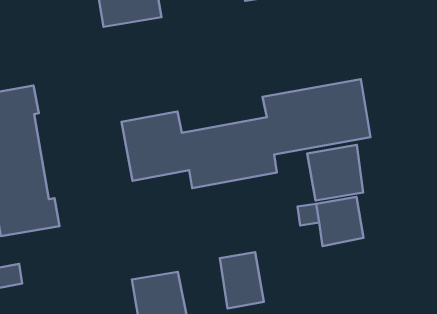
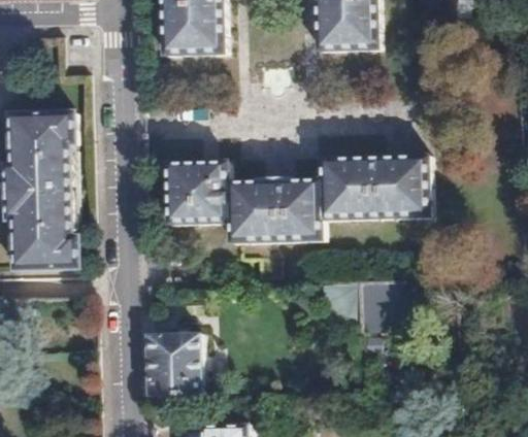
building: [307,145,363,201] -> none
building: [220,252,264,308] -> none

